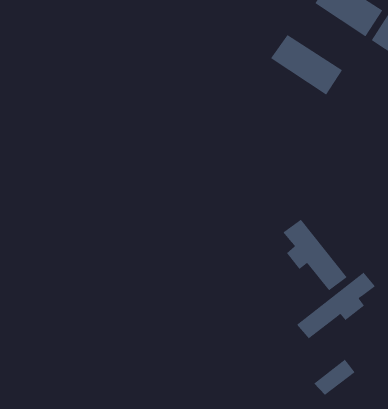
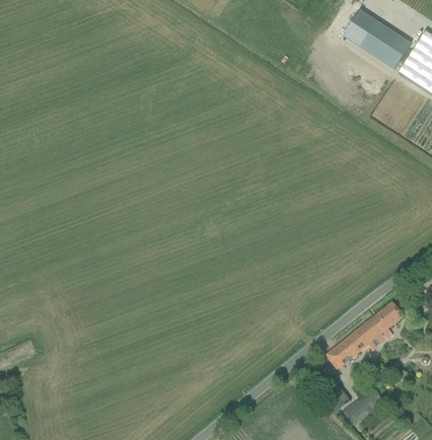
building: [270,34,343,95] -> none
building: [283,219,347,291] -> none

